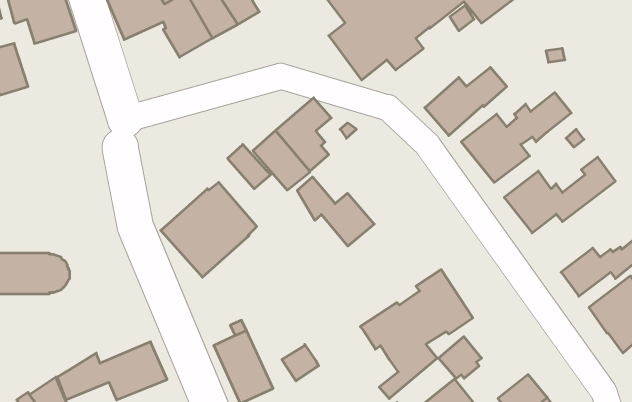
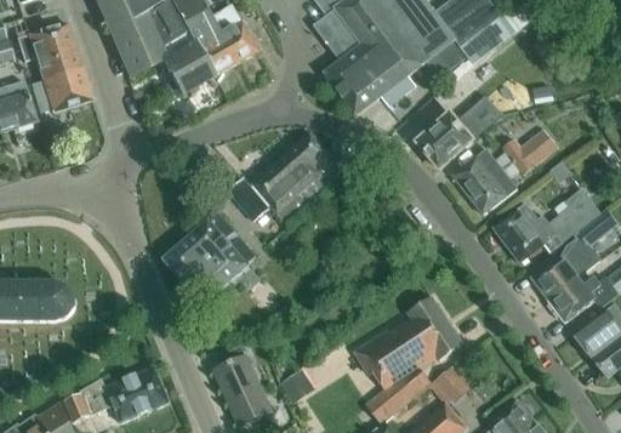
building: none -> [30,68,92,112]
building: [297,177,374,246] -> none
building: none -> [531,216,608,300]

